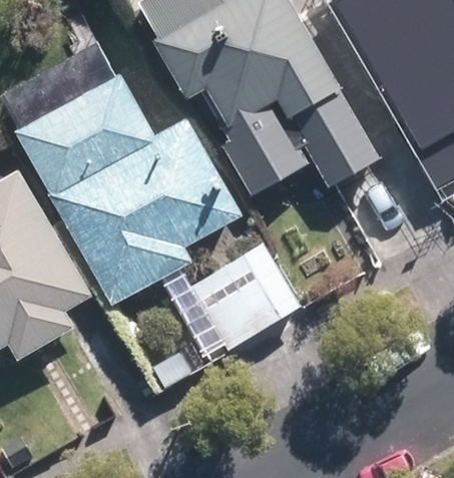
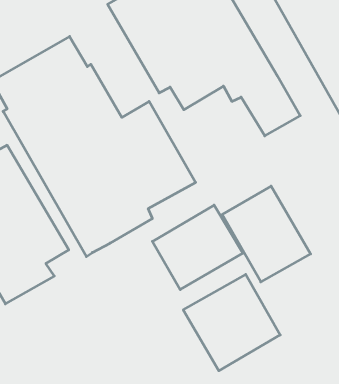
building: none -> [222,186,311,282]
building: none -> [183,274,280,371]

